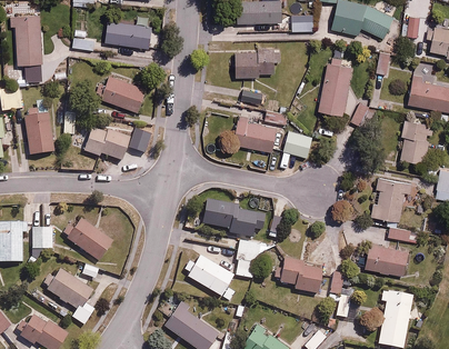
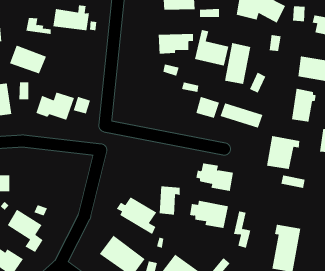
building: [100,74,147,111] -> [9,45,47,74]
building: [232,107,276,152] -> [194,30,229,66]
building: none -> [220,103,263,129]
building: [209,201,257,237] -> [195,163,234,191]
building: [64,215,113,260] -> none
building: [365,243,408,276] -> none

